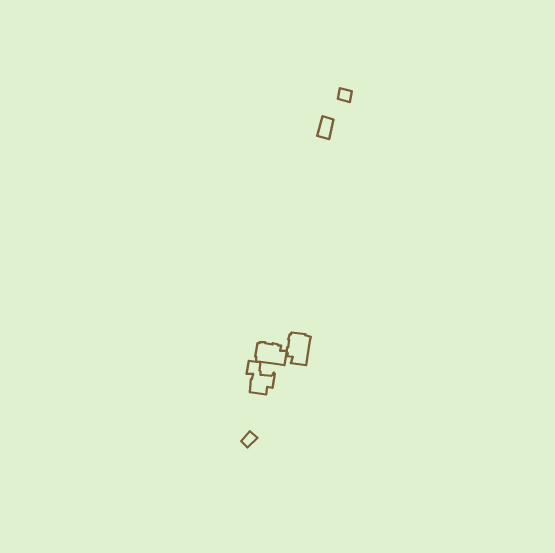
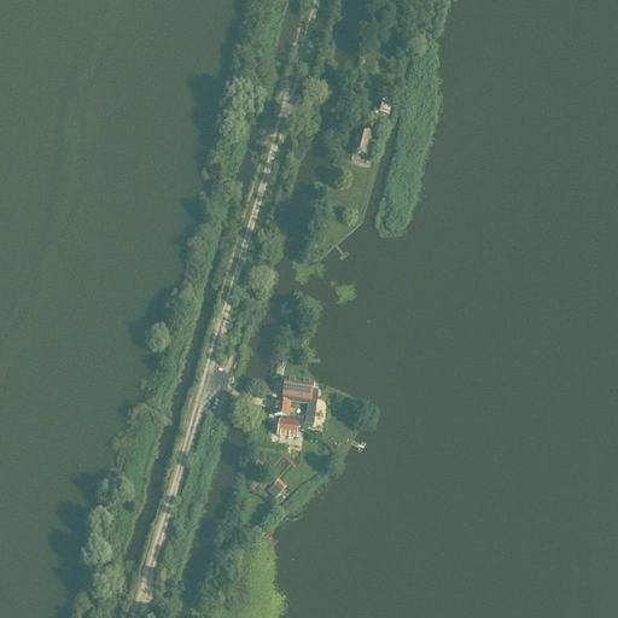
building: [287,332,311,365] -> none

